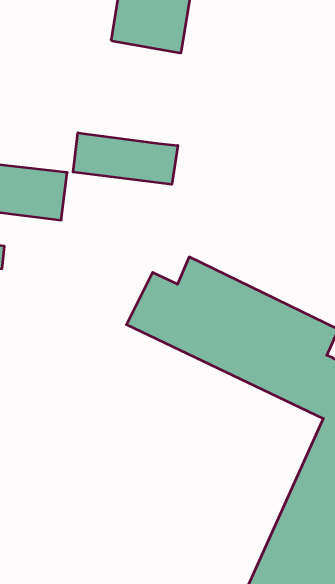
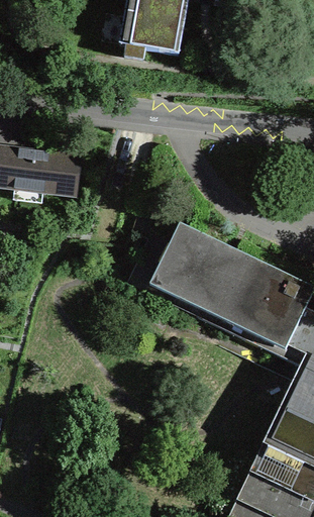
building: [73,133,178,184] -> none

